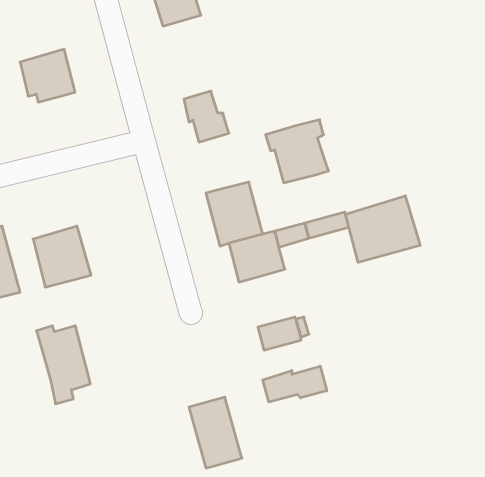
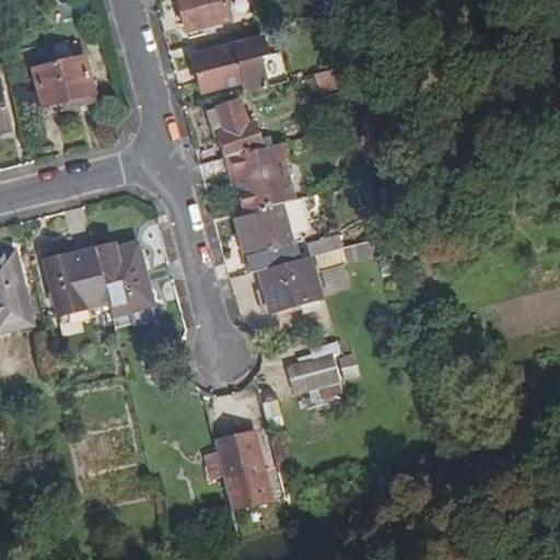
building: none -> [191,34,268,91]
building: [266,120,329,183] -> [228,140,296,209]
building: [345,196,420,262] -> none
building: [36,326,90,404] -> [94,243,153,328]
building: [263,366,327,402] -> none

